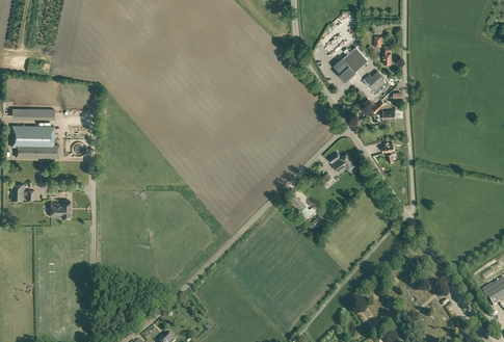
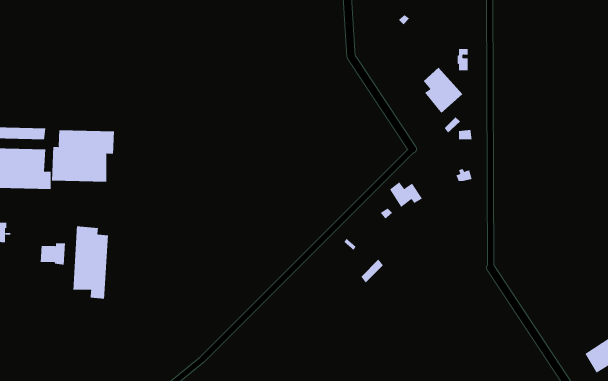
building: [334,46,368,80] -> none
building: none -> [51,130,114,183]
building: none -> [73,225,108,300]

